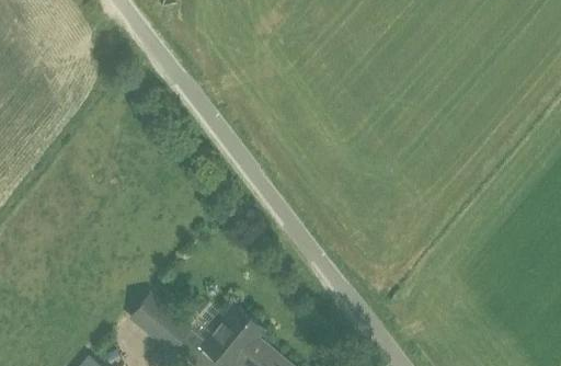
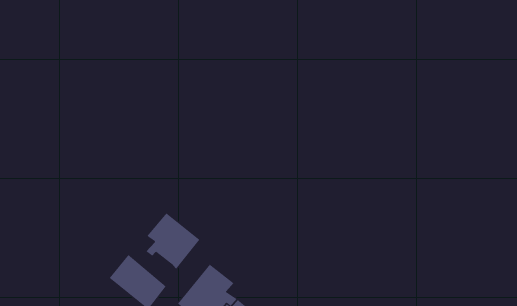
building: none -> [146,212,200,270]

